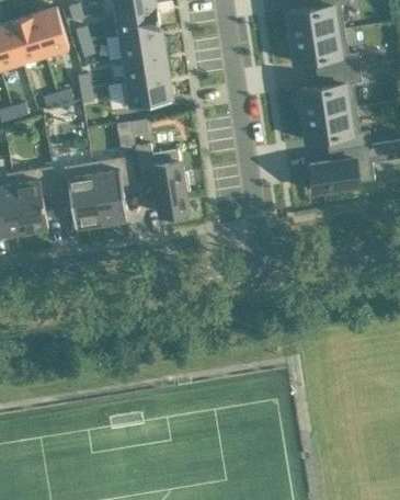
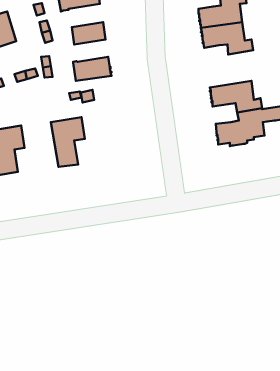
building: [114,7,160,37] -> none
building: [33,9,68,56] -> none
building: [122,54,167,83] -> none
building: [297,68,361,117] -> none
building: [135,146,190,216] -> none
building: [52,163,101,227] -> none

